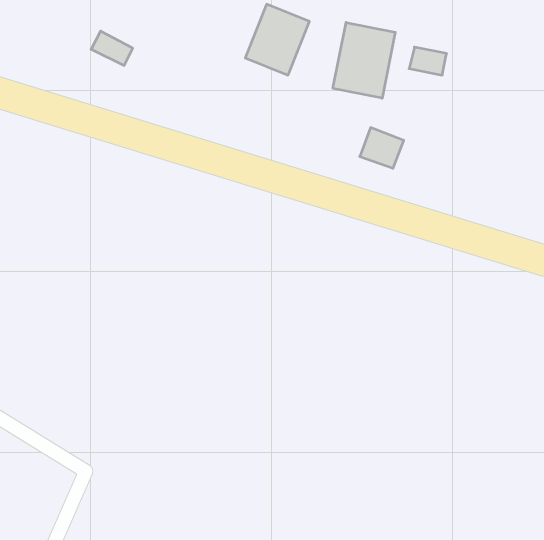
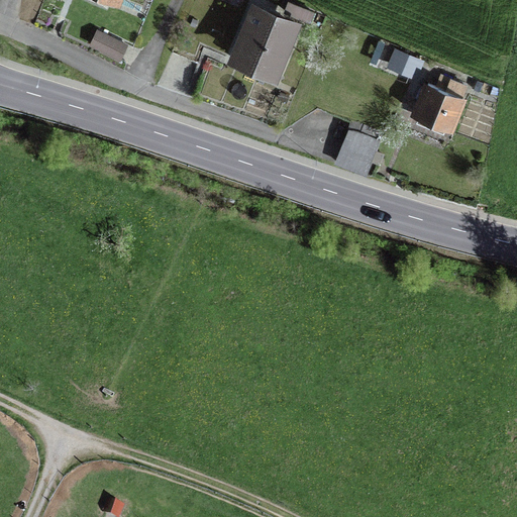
building: [333,22,395,98] -> none
building: none -> [414,77,467,132]

